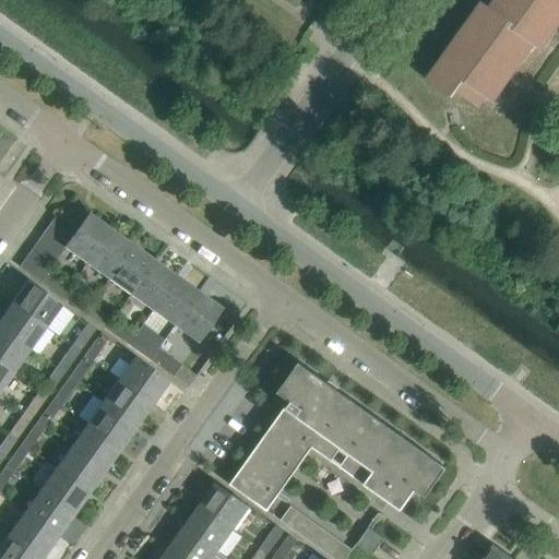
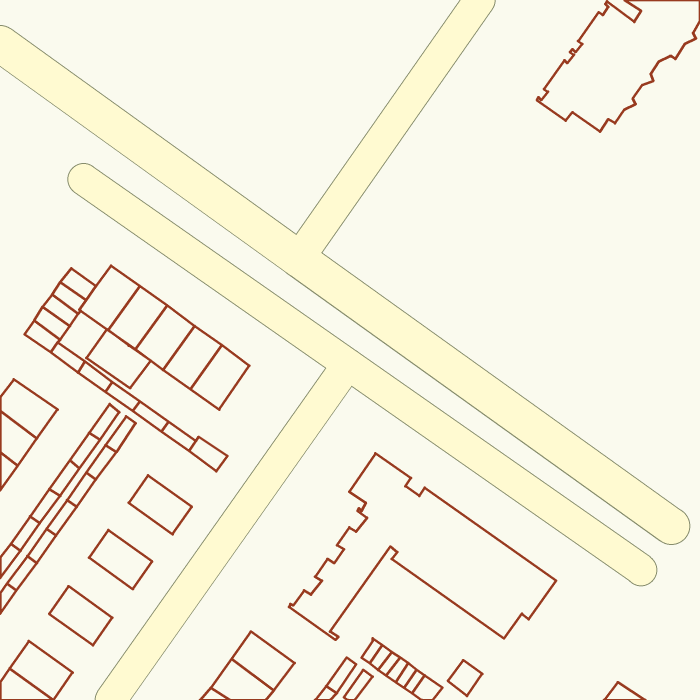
building: [11,280,62,326] -> [86,329,151,388]
building: [175,292,222,342] -> none
building: [118,356,169,404] -> none
building: [86,401,138,448] -> none
building: [55,444,106,492] -> none
building: [200,481,251,528] -> none
building: [23,489,74,536] -> none

